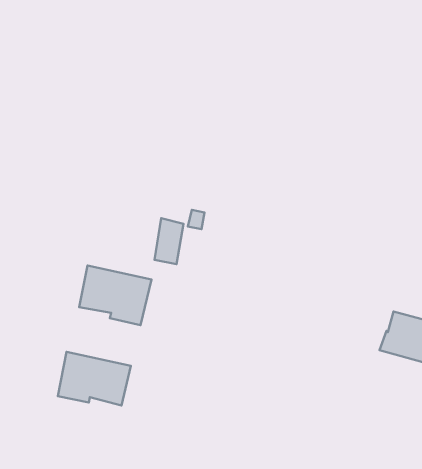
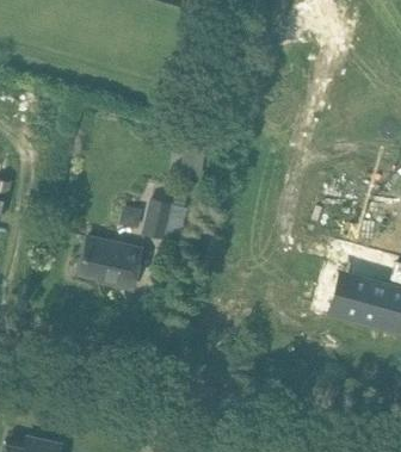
building: [58,352,131,405] -> none

